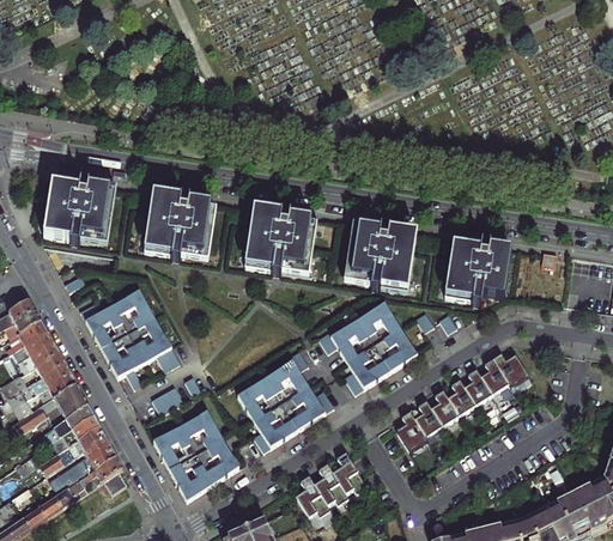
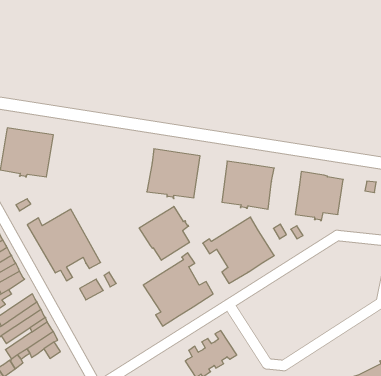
building: [144,192,216,259] -> none
building: none -> [139,206,189,260]
building: [396,354,528,452] -> none
building: [54,384,86,419] -> none
building: [152,405,239,499] -> none

